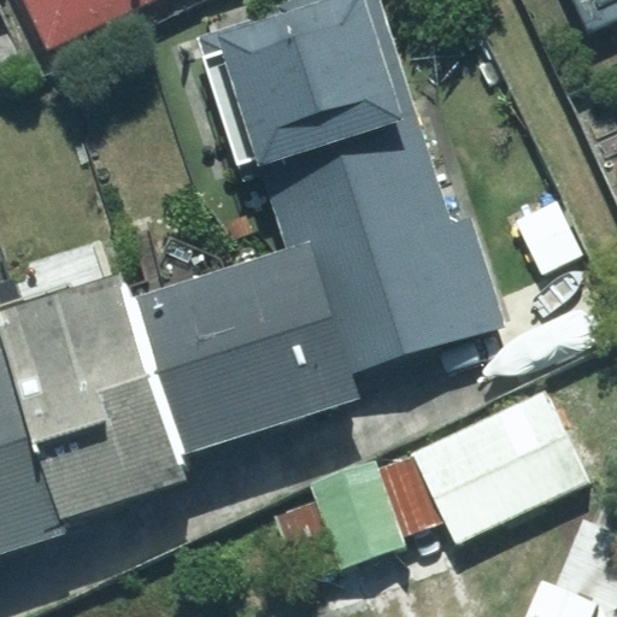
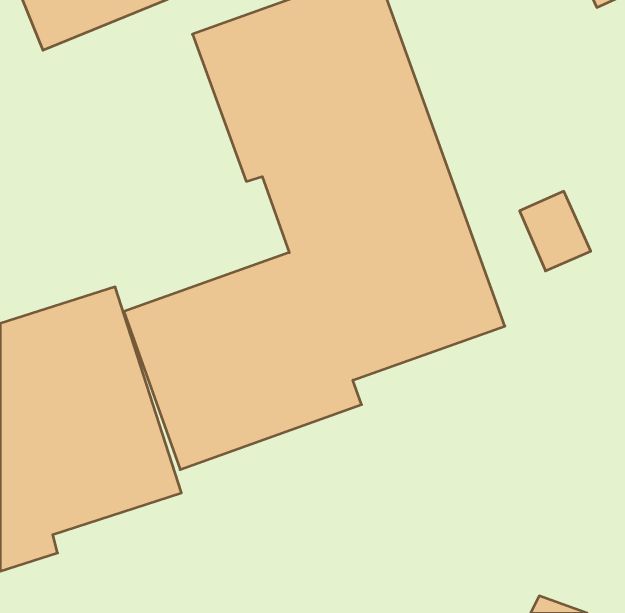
building: [271,386,587,587] -> none

